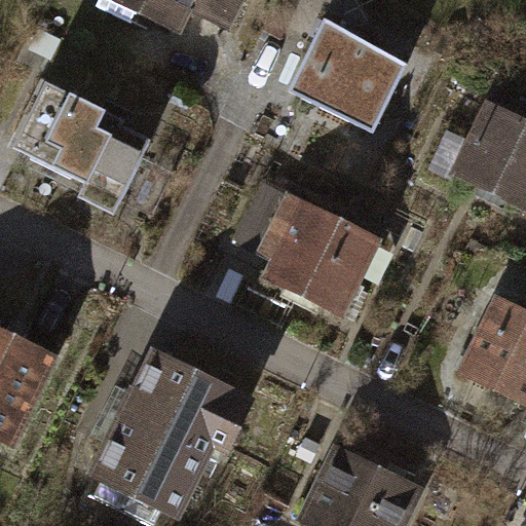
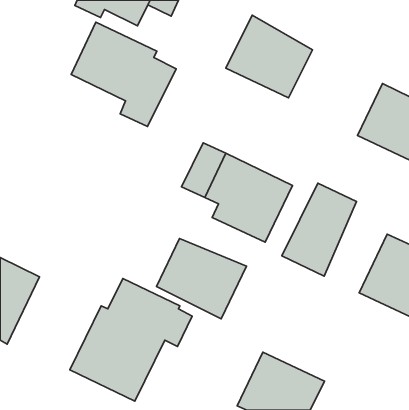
building: [15,81,150,215] -> [71,22,176,127]
building: none -> [282,183,357,276]
building: none -> [156,238,246,319]

